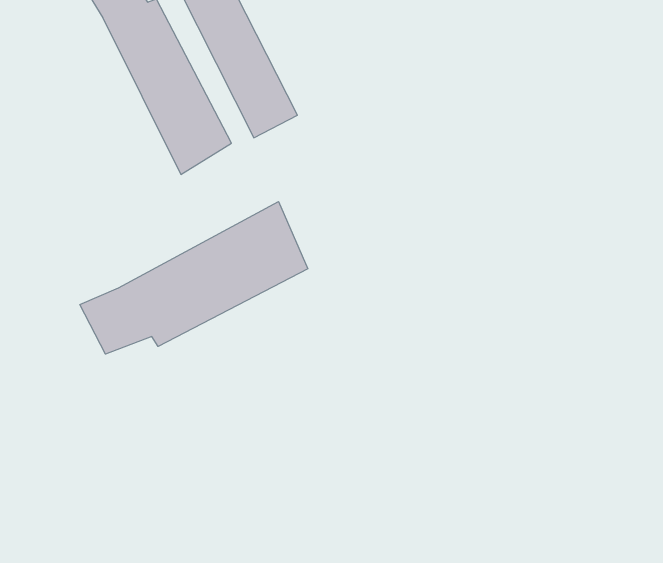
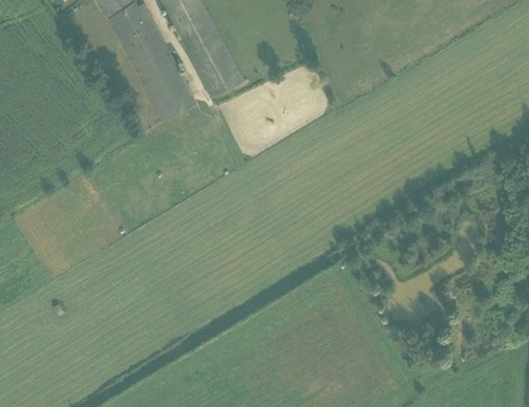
building: [80,202,308,354] -> none

